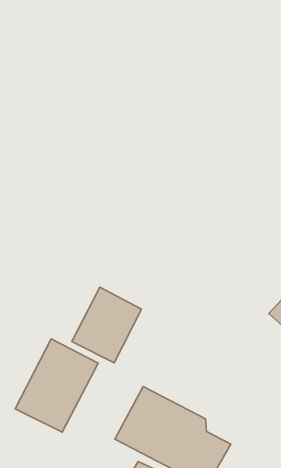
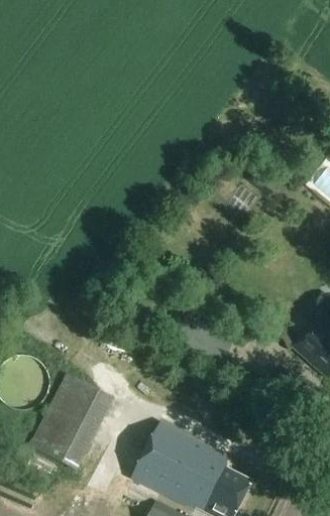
building: [72,287,141,363] -> none

